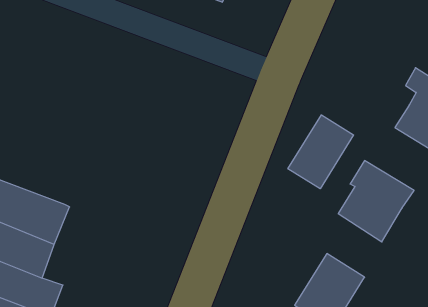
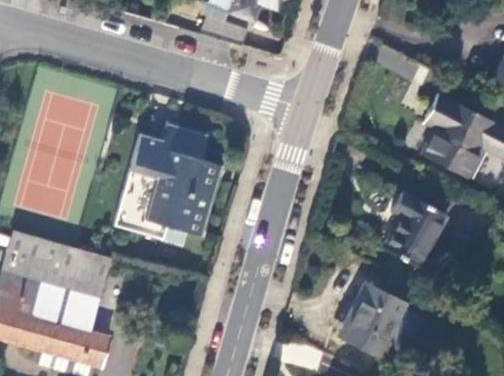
building: none -> [116,127,220,238]
building: [288,115,354,189] -> none

